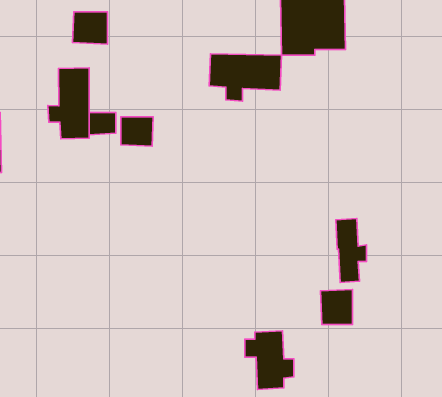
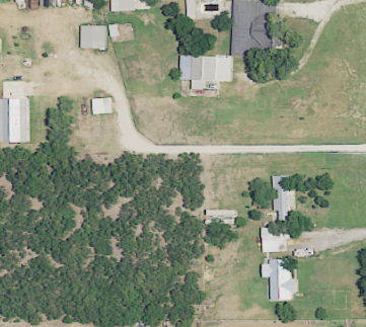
building: [48,68,89,139] -> none
building: [121,117,153,146] -> none
building: [245,331,294,389] -> [262,257,297,300]

